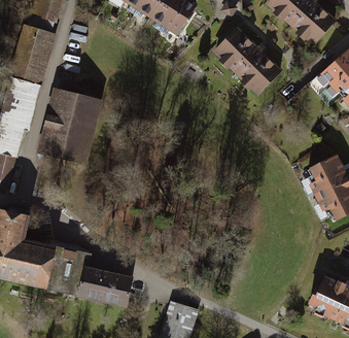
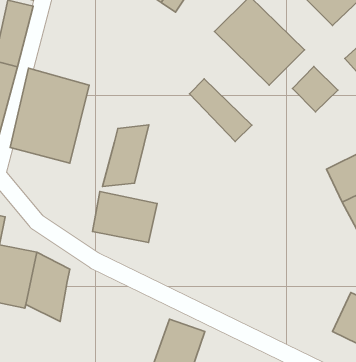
building: none -> [293,67,338,112]
building: none -> [190,79,252,141]
building: none -> [103,125,149,186]
building: [77,265,132,308] -> [93,191,157,243]

